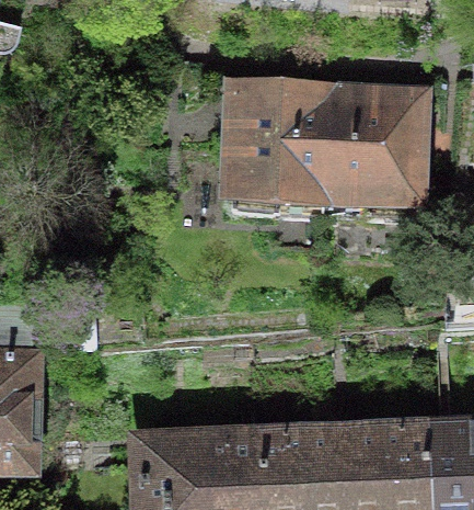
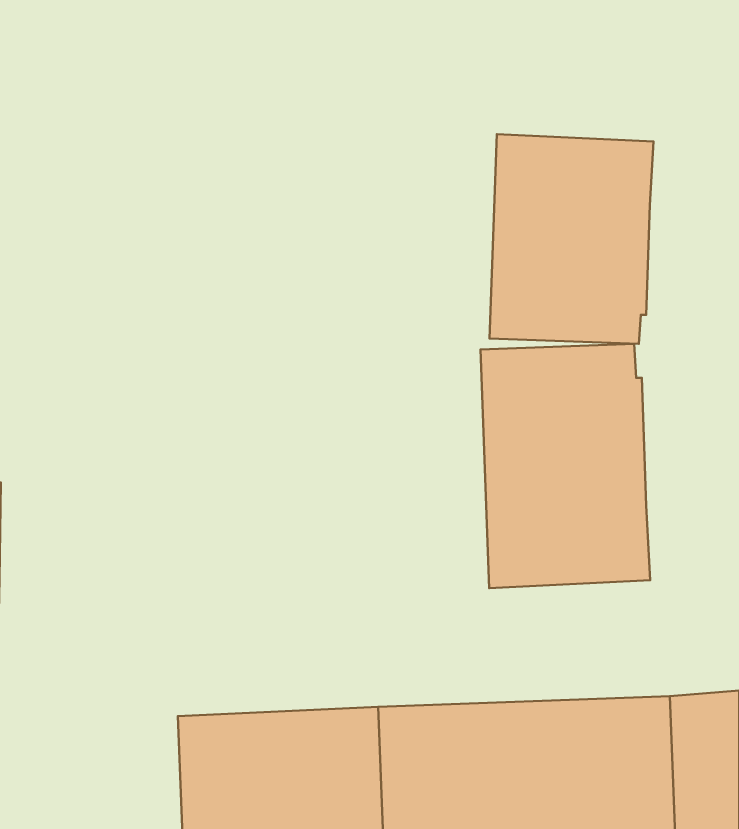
building: [229,81,326,208] -> none
building: none -> [480,344,650,588]

